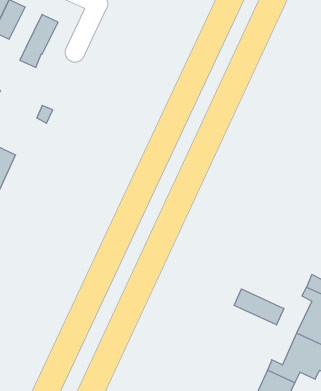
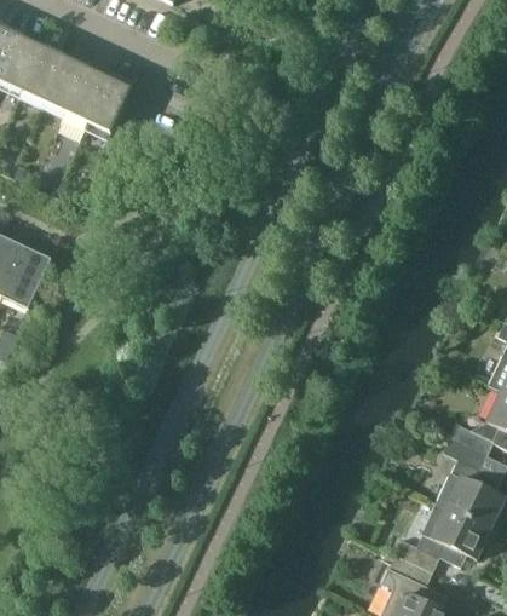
building: none -> [44,57,88,111]
building: none -> [88,77,133,132]
building: [234,289,284,325] -> none

